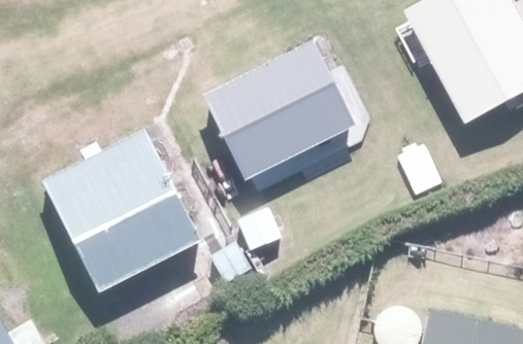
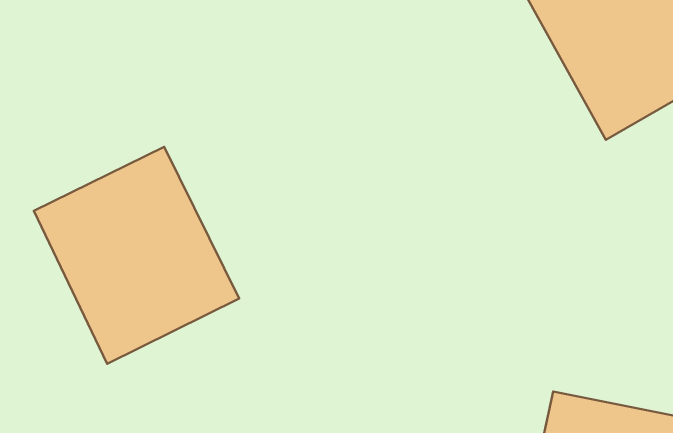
building: [196,31,352,177] -> none

